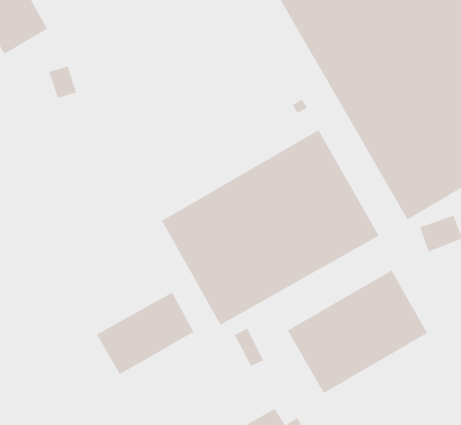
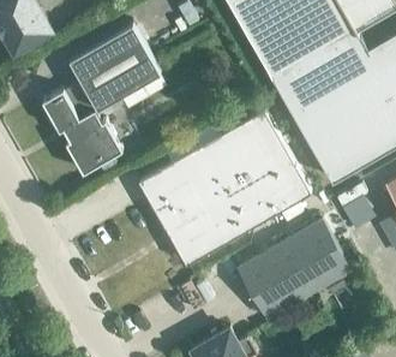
building: none -> [42,25,161,174]
building: [96,291,195,375] -> none

